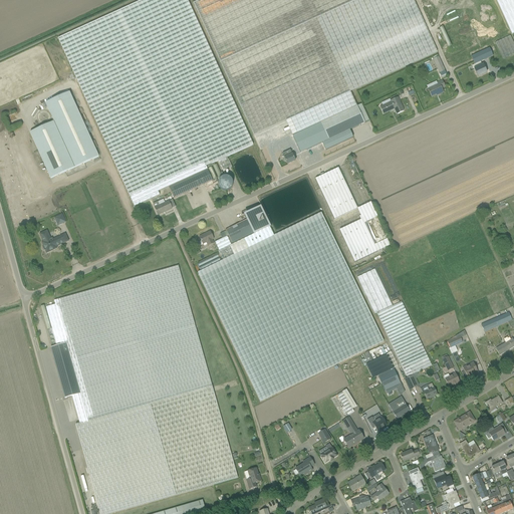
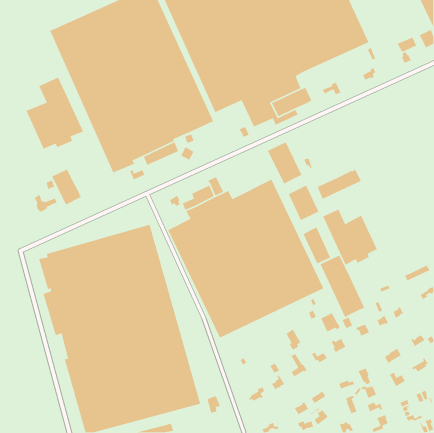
building: none -> [51,168,82,205]
building: none -> [316,168,362,200]
building: none -> [322,208,378,266]

